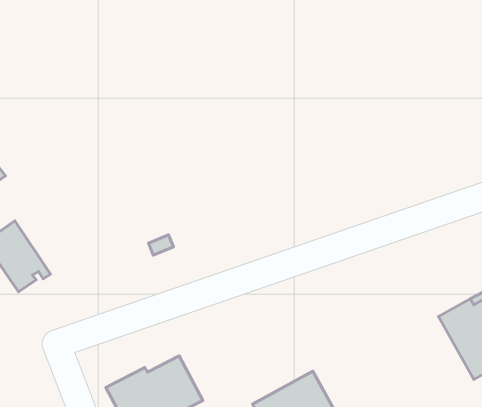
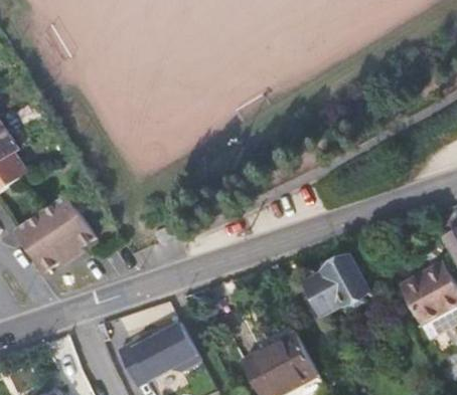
building: none -> [39,191,95,254]
building: none -> [303,255,367,315]

